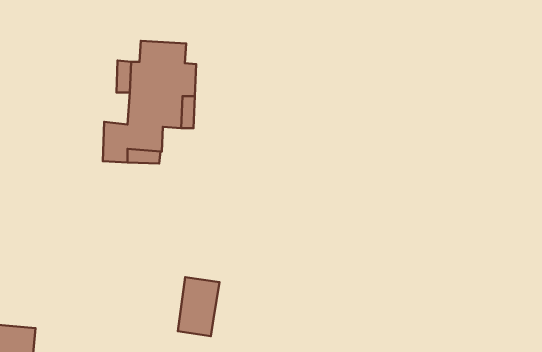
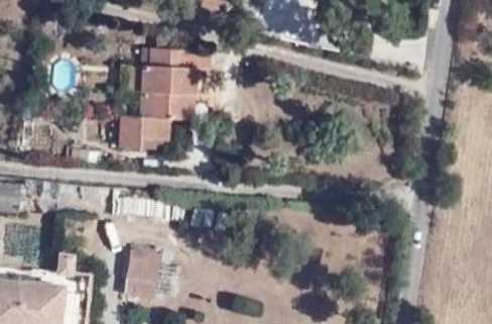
building: [178,277,220,336] -> [126,248,160,297]

